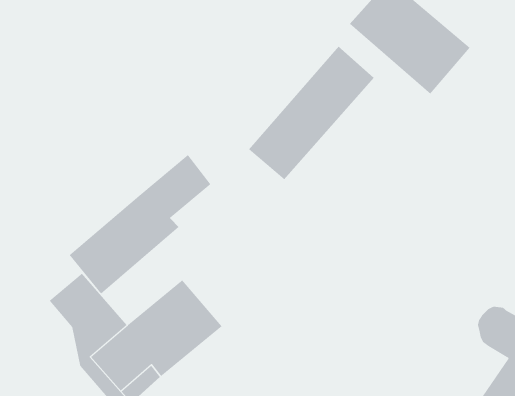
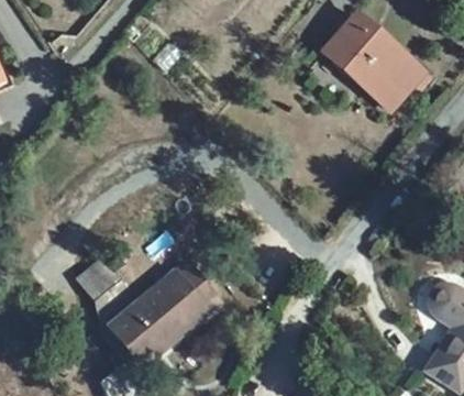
building: [248,46,375,180] -> none
building: [69,154,211,294] -> none

